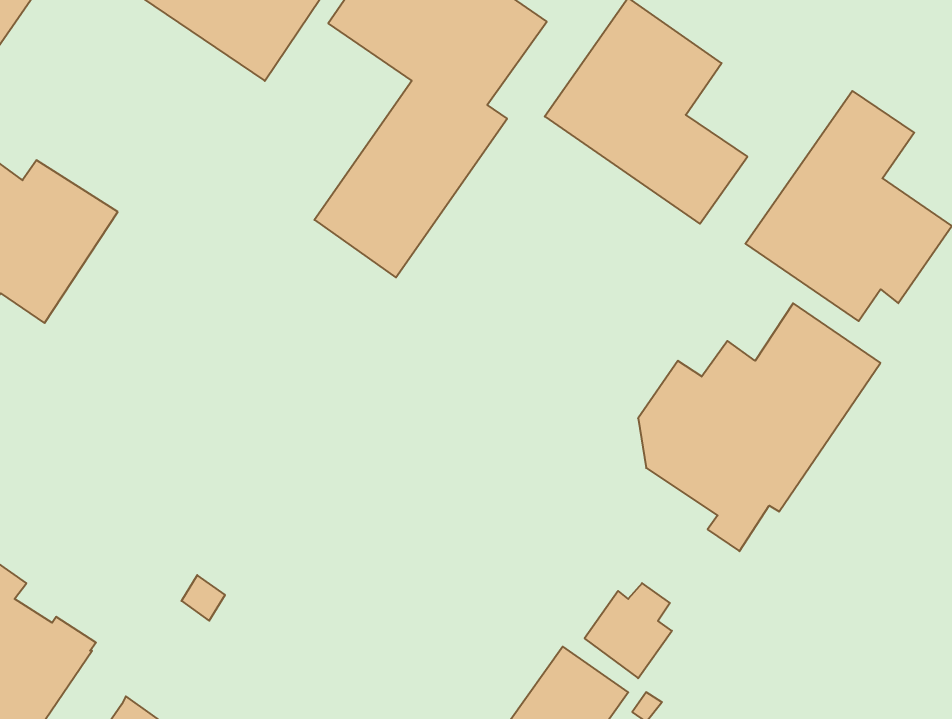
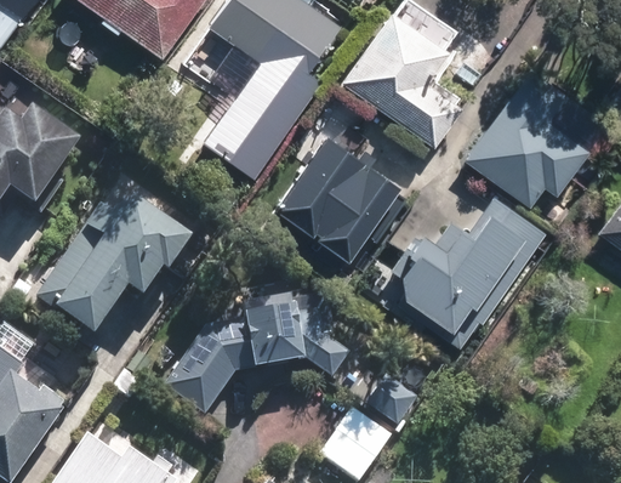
building: none -> [273,135,400,262]
building: none -> [33,199,187,340]
building: none -> [164,302,351,414]

